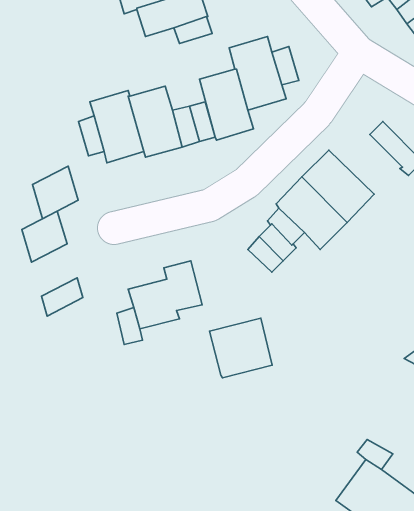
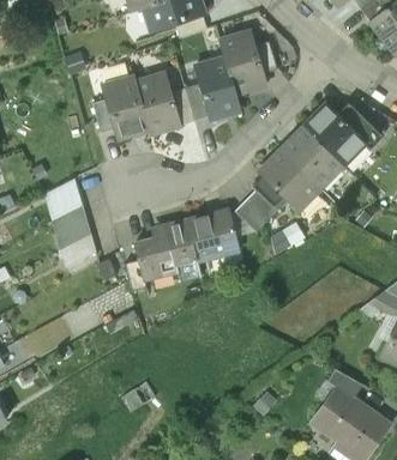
building: none -> [303,103,366,164]
building: [33,166,78,219] -> [53,206,91,250]
building: [210,318,272,378] -> [187,210,240,260]

